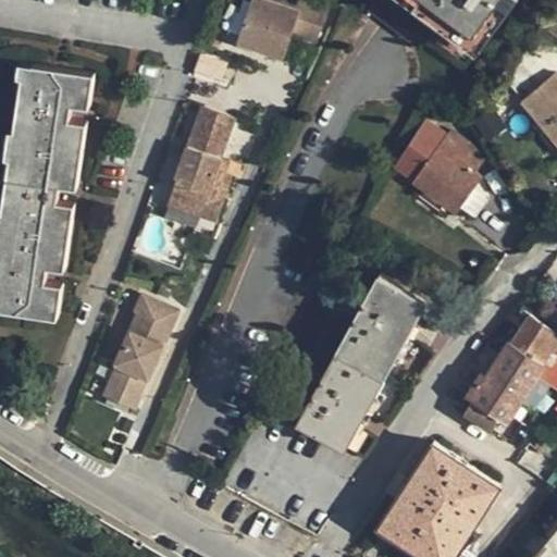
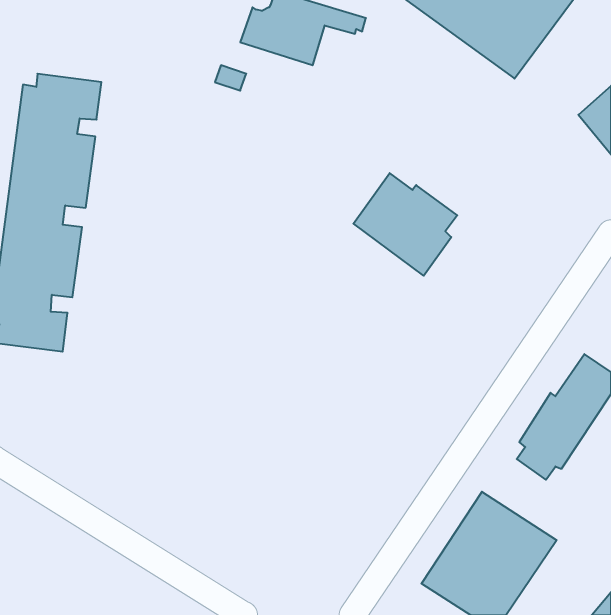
building: [161,113,228,227] -> none
building: [393,123,486,215] -> [353,173,457,276]
building: [297,275,426,448] -> none
building: [104,293,177,406] -> none

